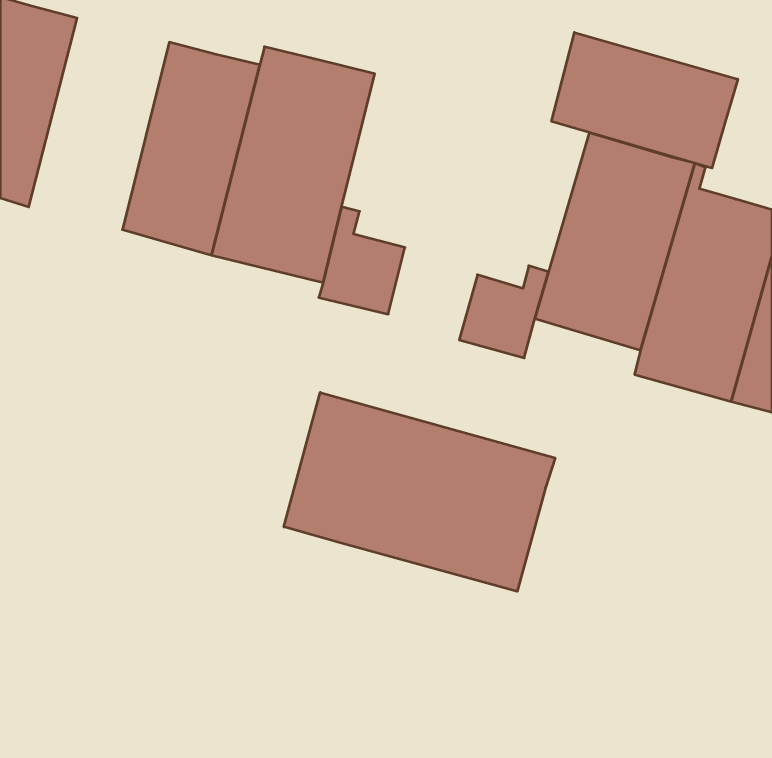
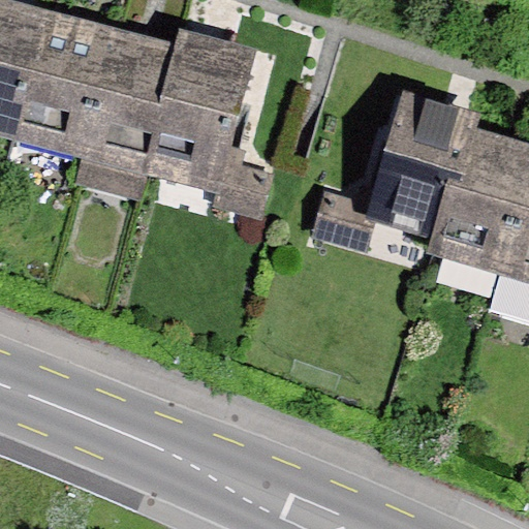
building: none -> [20,12,116,157]
building: [552,32,738,168] -> none
building: [284,392,555,591] -> none

